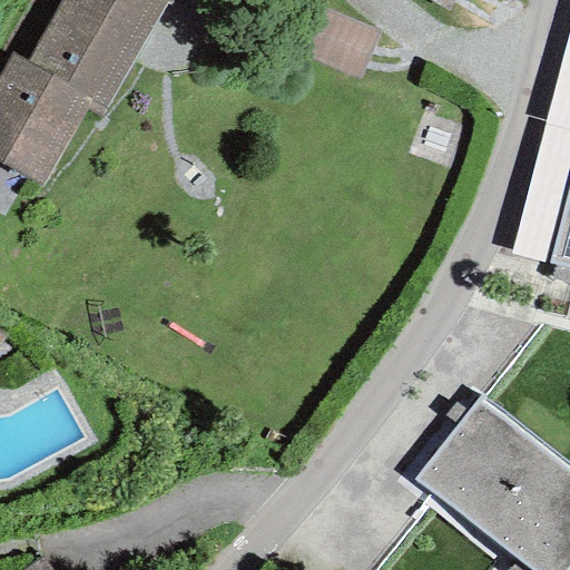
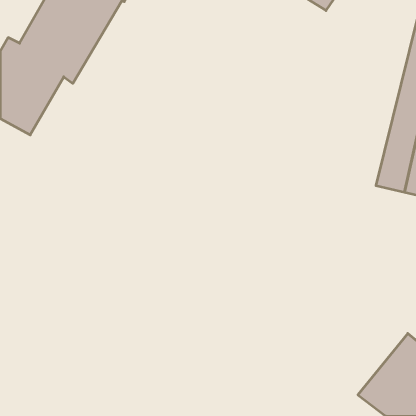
building: [415,396,558,538] -> none

